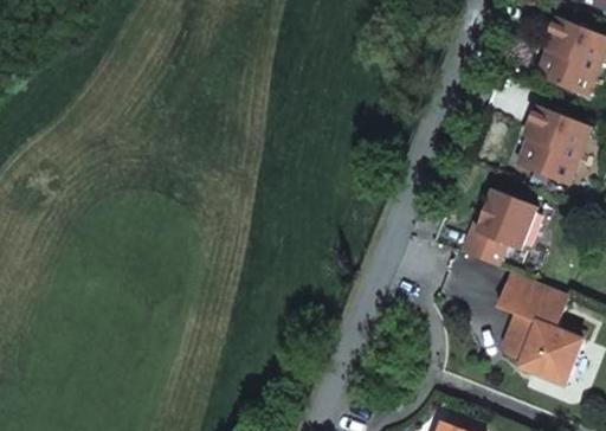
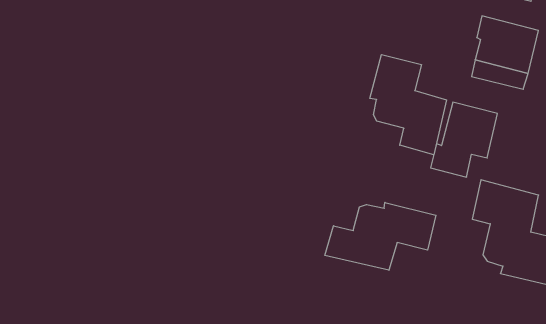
building: none -> [370,55,447,155]
building: none -> [325,202,436,270]

